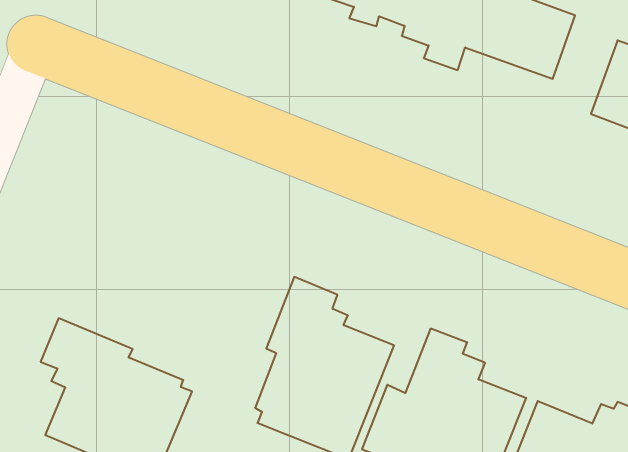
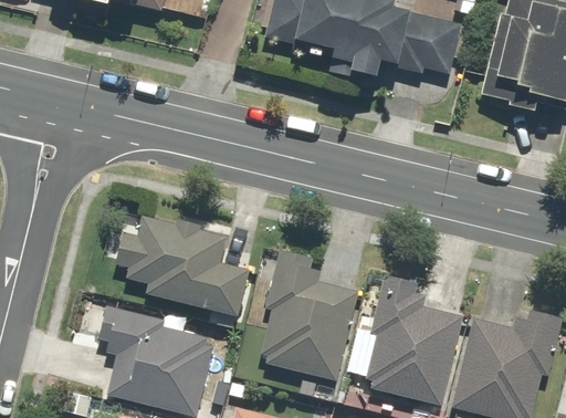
building: none -> [112,216,250,315]

